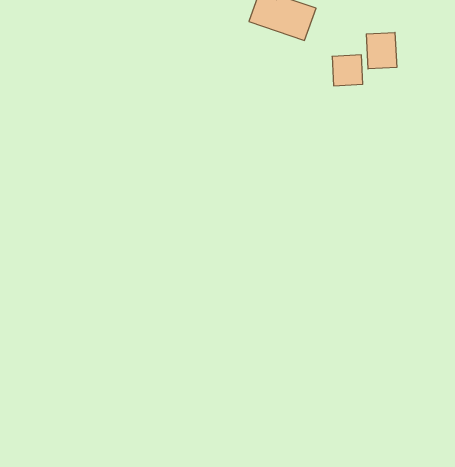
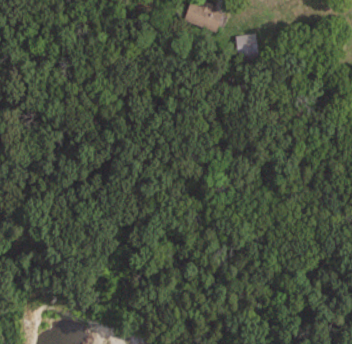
building: [366,32,397,69] -> none

